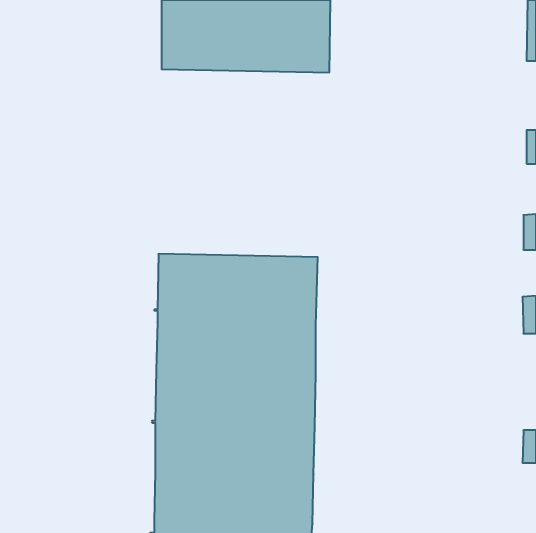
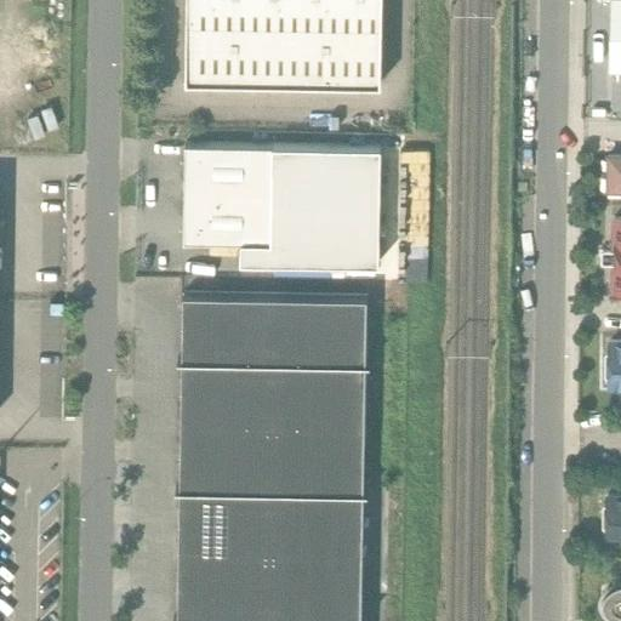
building: none -> [184,147,381,267]

